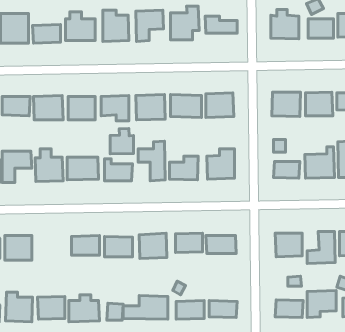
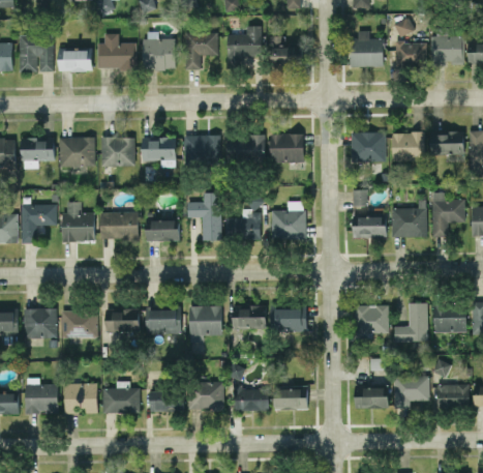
building: [110,129,133,154] -> none
building: none -> [61,312,97,338]

